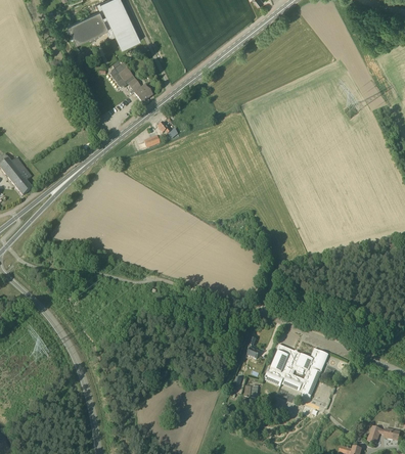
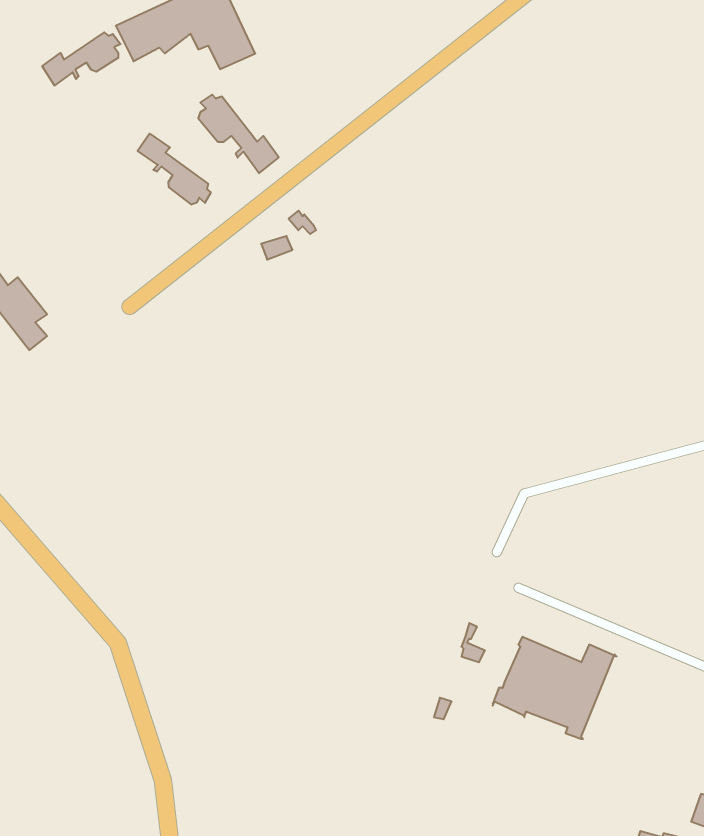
building: none -> [42,32,121,86]
building: none -> [138,134,211,205]

